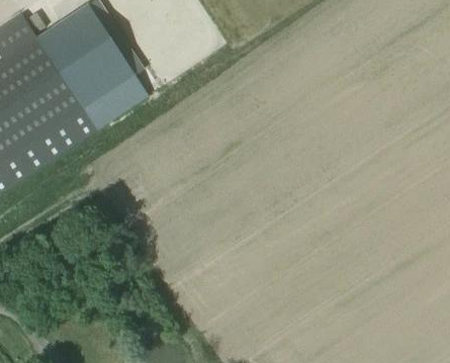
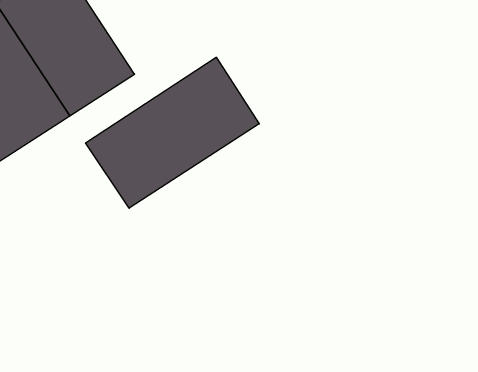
building: none -> [86,57,259,208]

